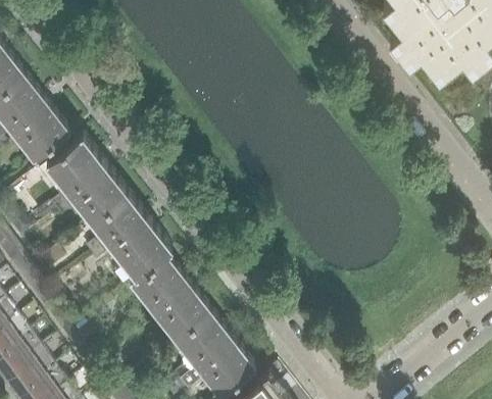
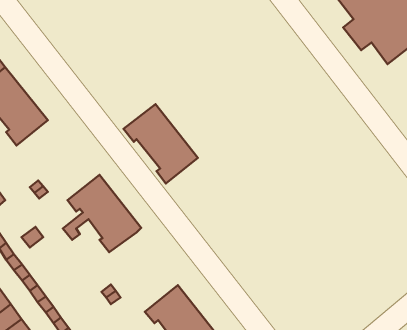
building: [46,139,127,225] -> [123,104,198,183]
building: [131,259,211,345] -> none

